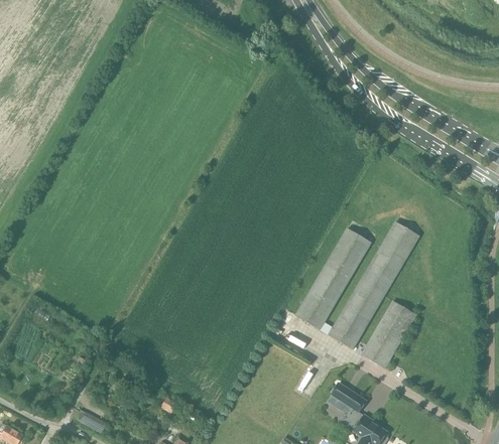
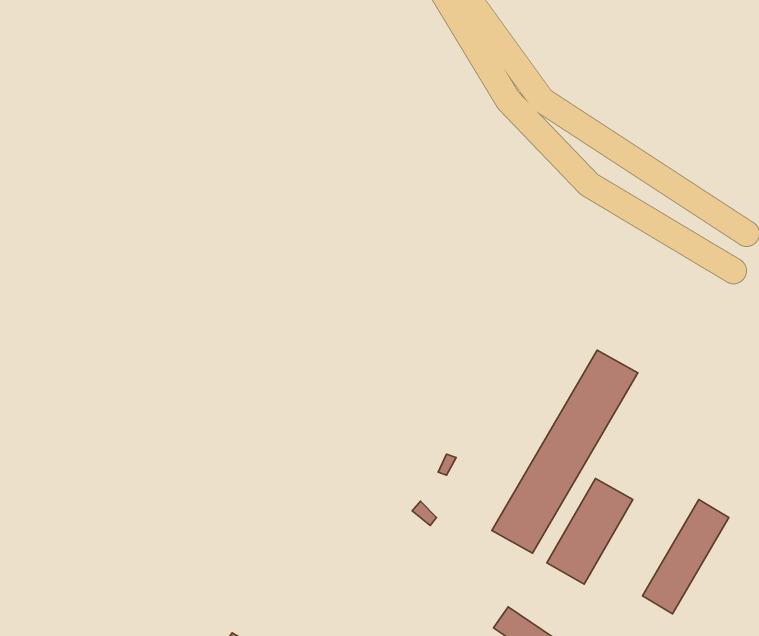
building: [295,231,369,329] -> none
building: none -> [643,500,729,614]

